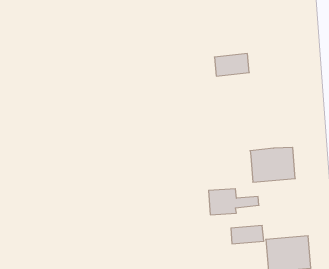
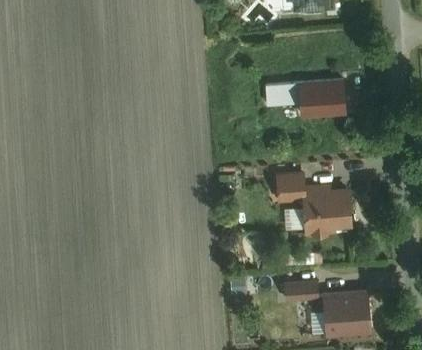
building: none -> [302,79,348,116]
building: [209,189,259,215] -> [274,173,332,203]

